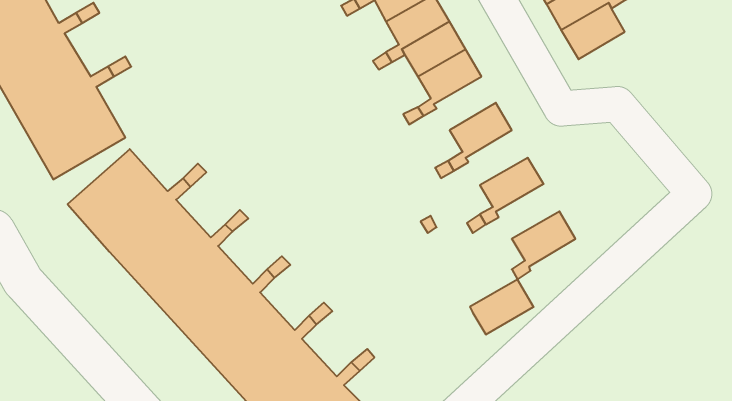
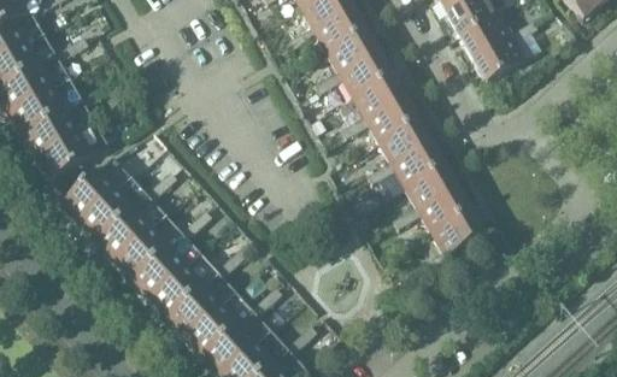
building: none -> [362,93,413,137]
building: none -> [388,137,440,183]
building: [470,279,534,334] -> [413,182,466,228]

